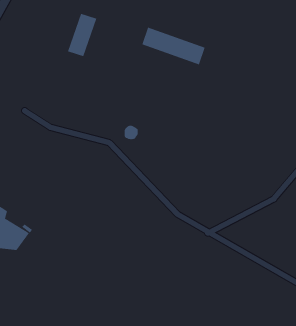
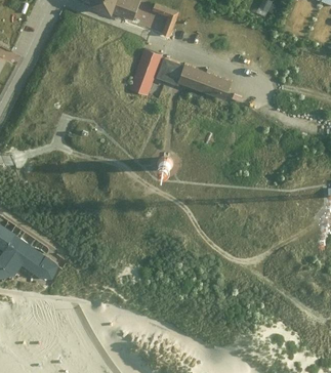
building: [67,13,97,57] -> [131,50,161,93]

